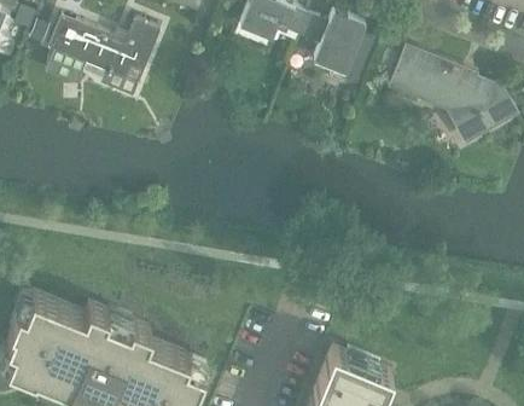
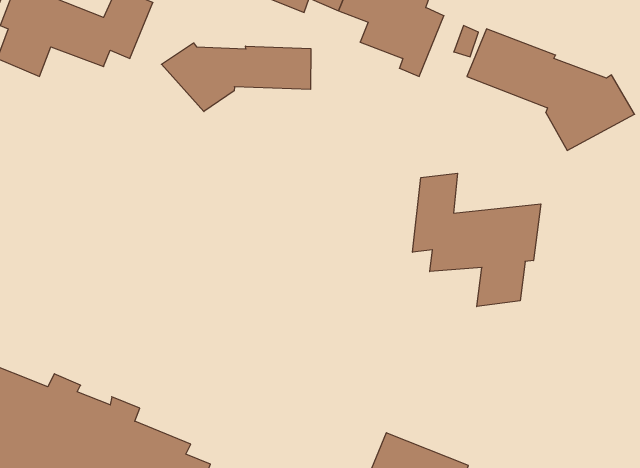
building: none -> [161,43,311,112]
building: none -> [413,173,541,307]

